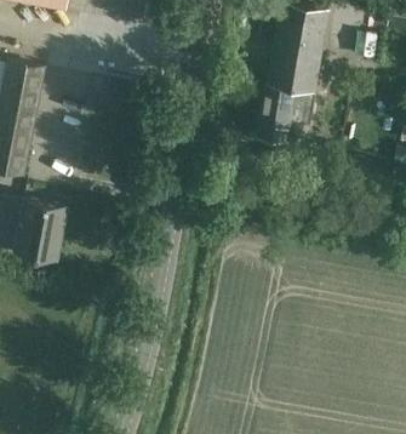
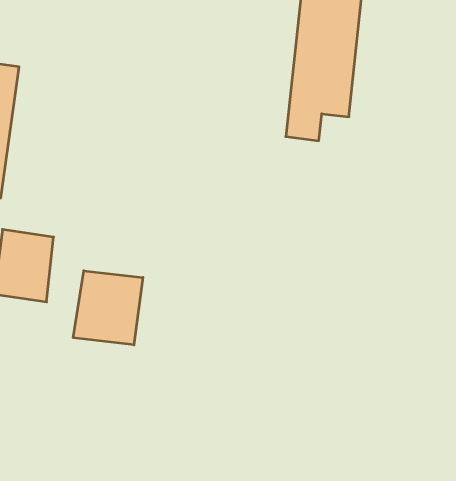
building: none -> [73,271,143,345]

